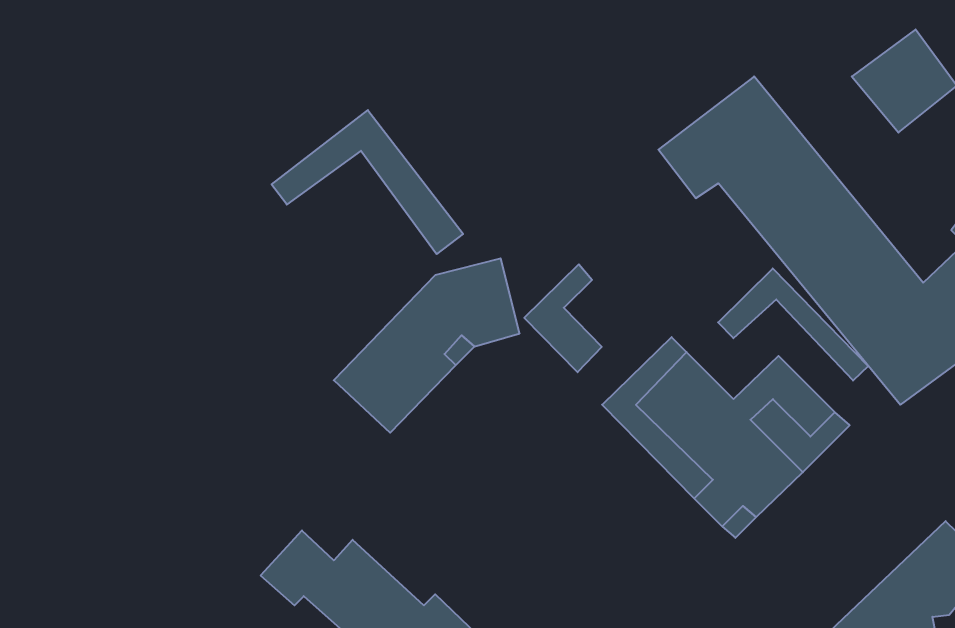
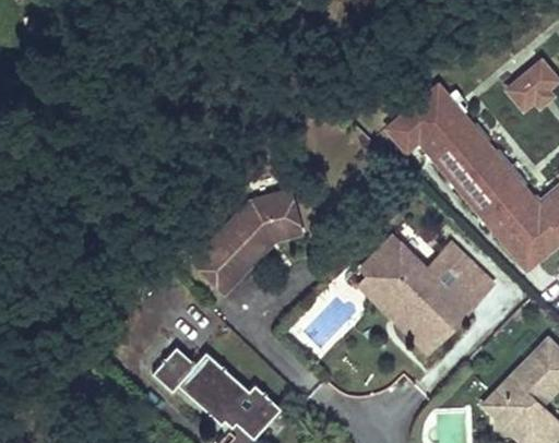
building: [272,110,463,254] -> none
building: [524,264,602,372] -> none
building: [718,268,868,381] -> none

